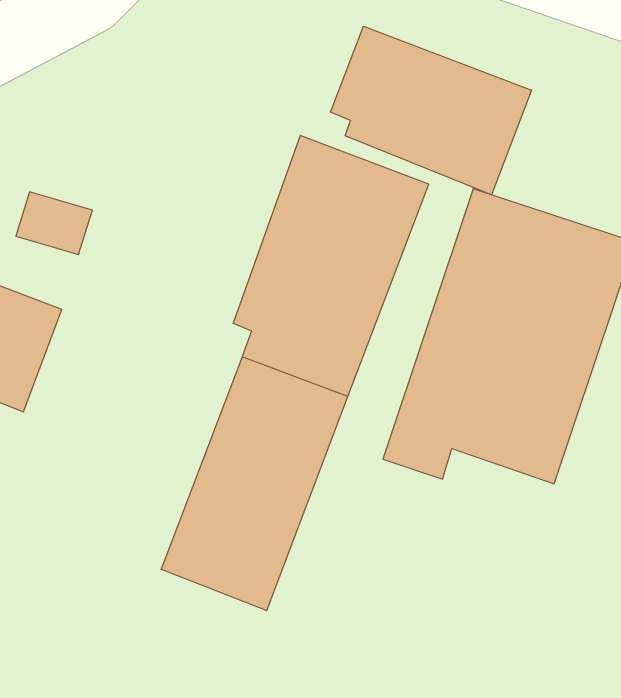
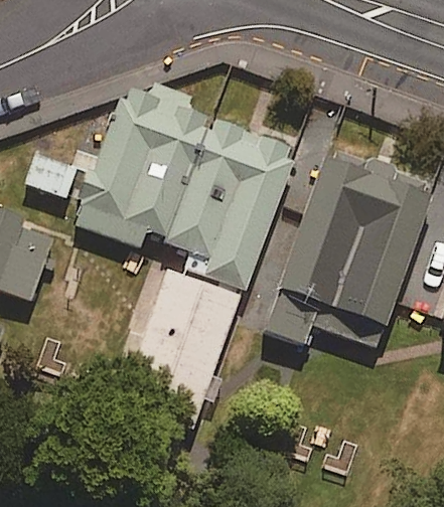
building: [330,26,531,195] -> none
building: none -> [78,87,212,246]

